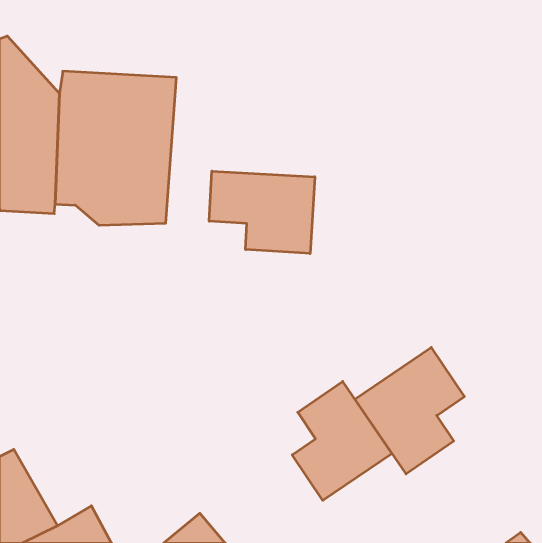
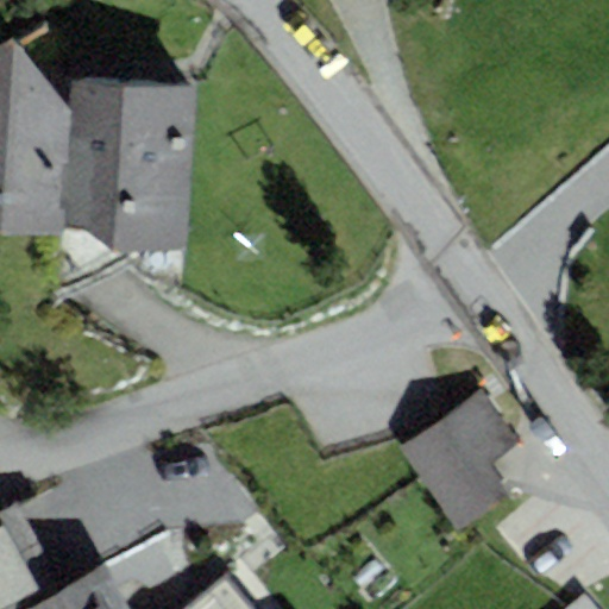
building: [209,171,315,254] -> none
building: [292,381,392,500] -> none

